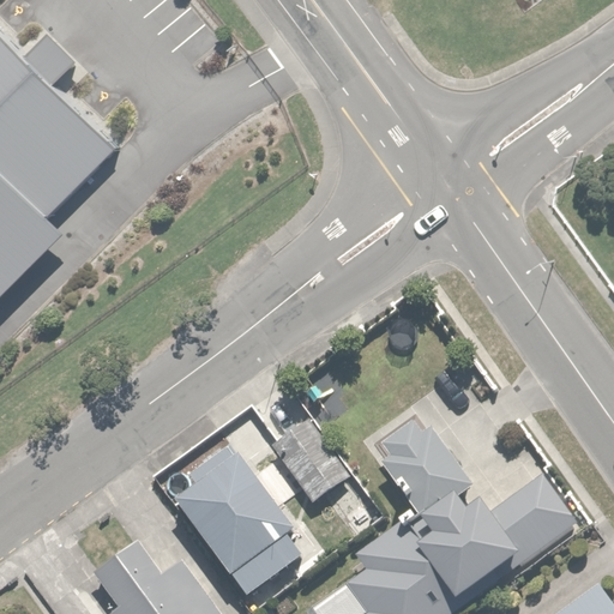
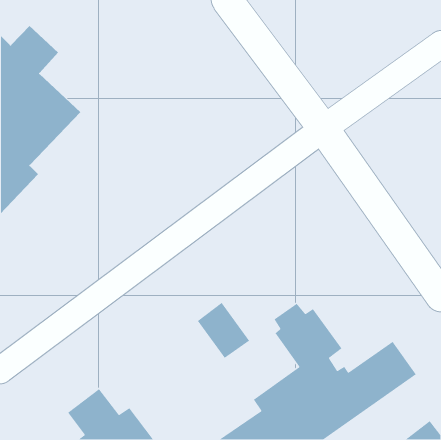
building: [175,450,302,595] -> none

